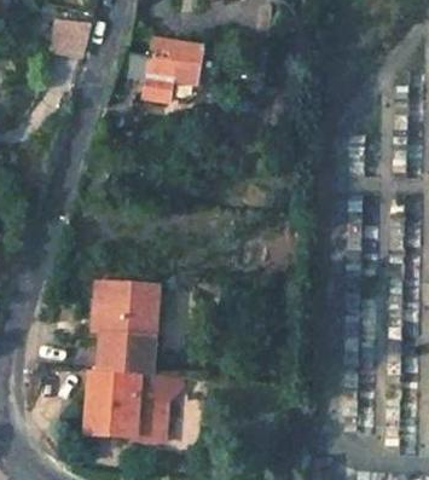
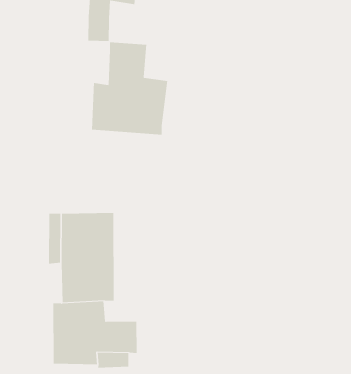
building: none -> [91,41,168,135]

